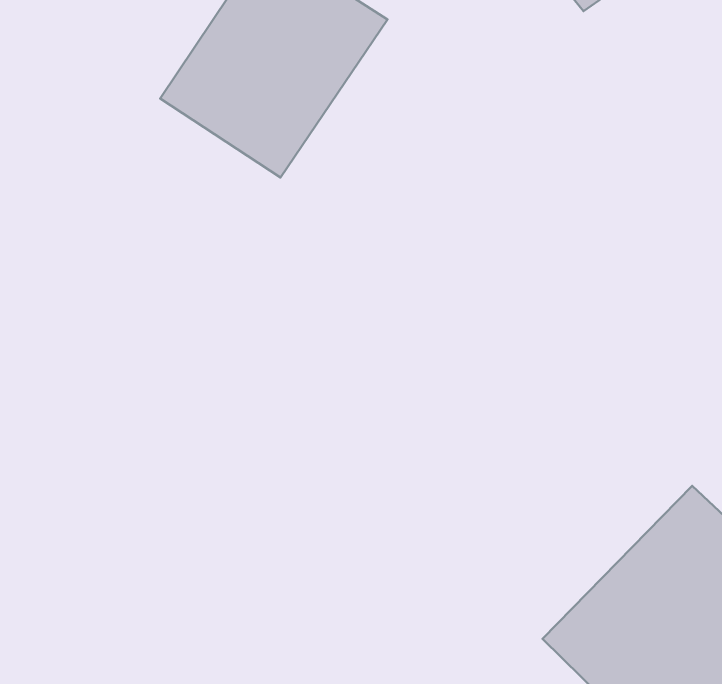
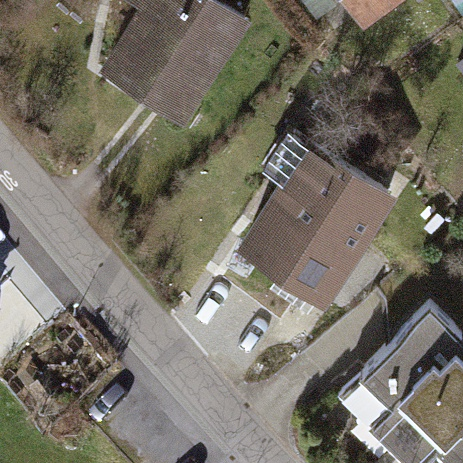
building: none -> [250,149,386,294]

